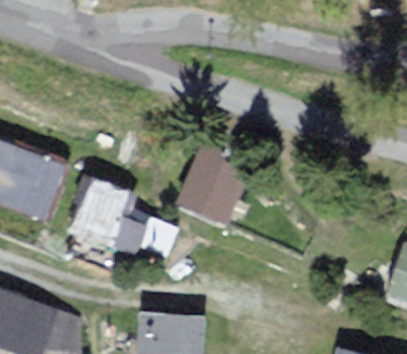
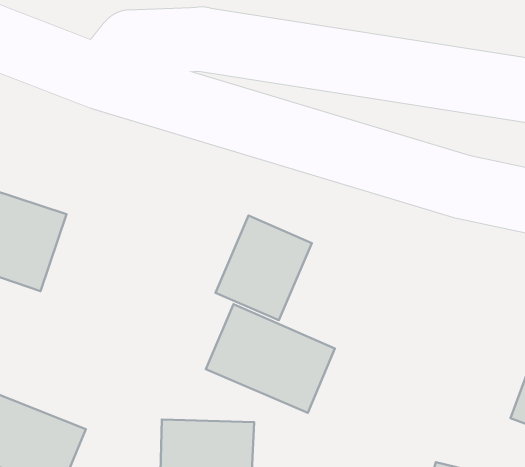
building: [69,174,139,247] -> none
building: none -> [206,304,335,413]

